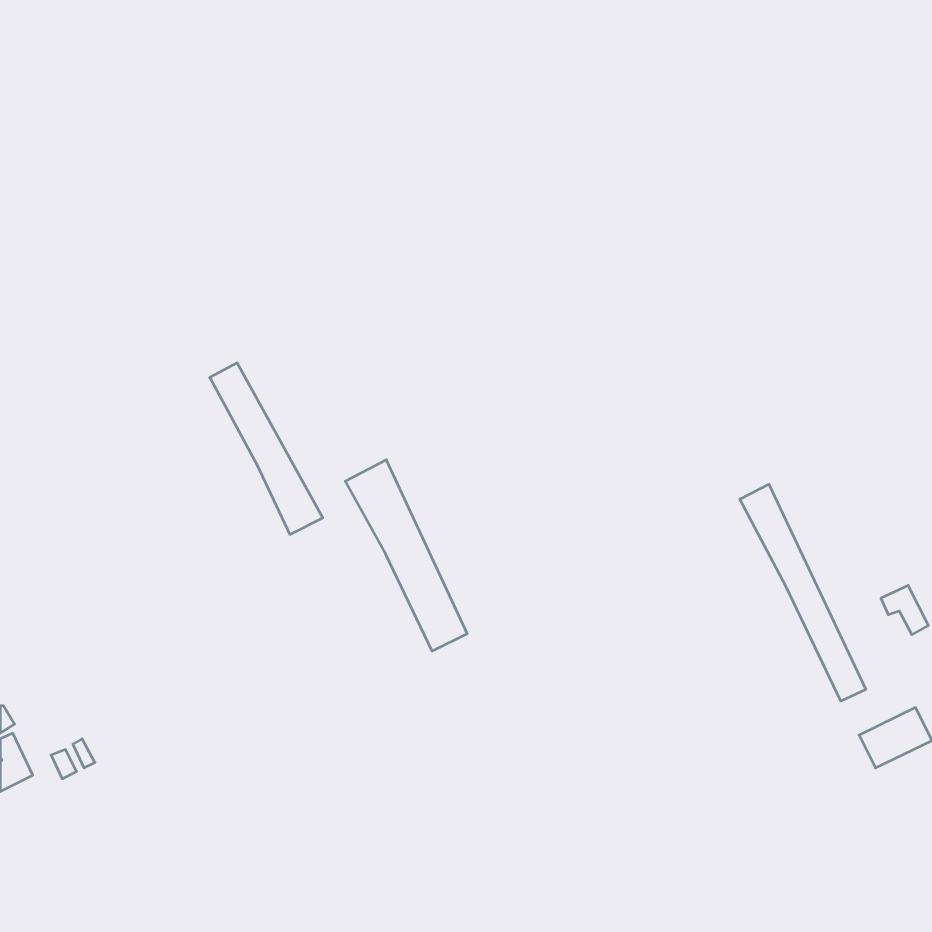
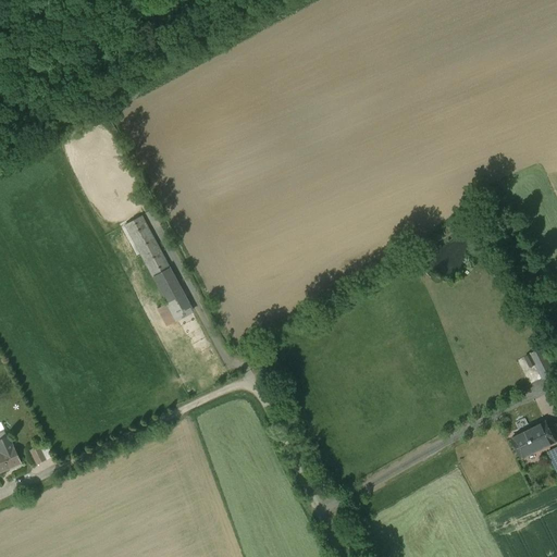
building: [345,460,467,651] -> none
building: [740,484,866,701] -> none

